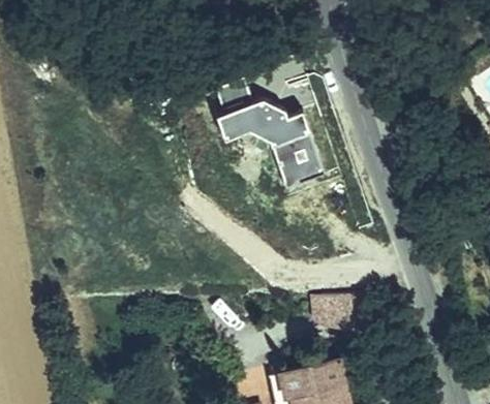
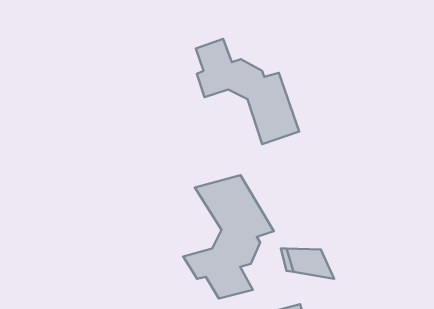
building: none -> [183,175,274,298]

